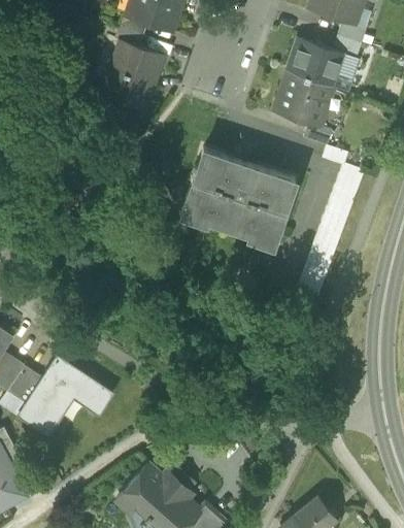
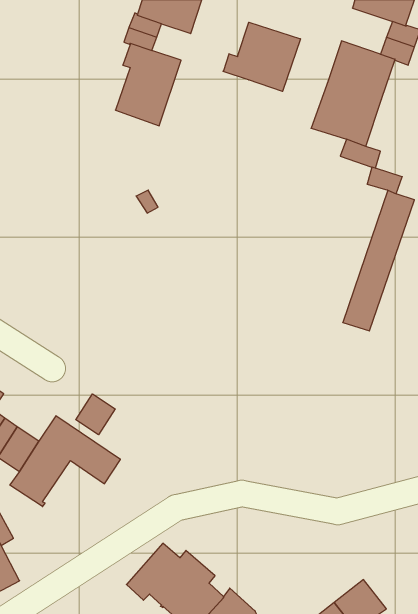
building: none -> [223,22,300,91]
building: [181,150,295,243] -> none
building: none -> [76,394,115,435]

